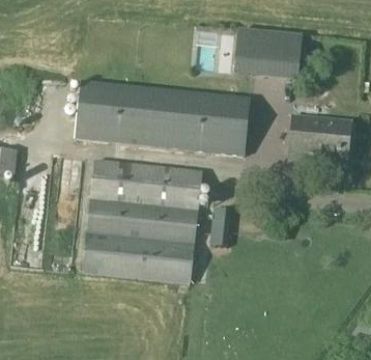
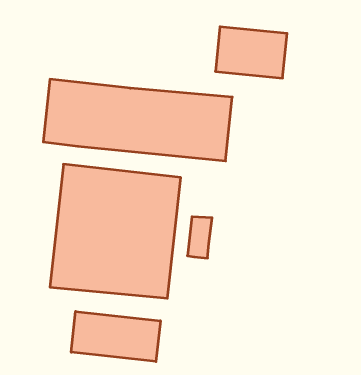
building: [288,115,350,169] -> none
building: none -> [71,311,160,362]

